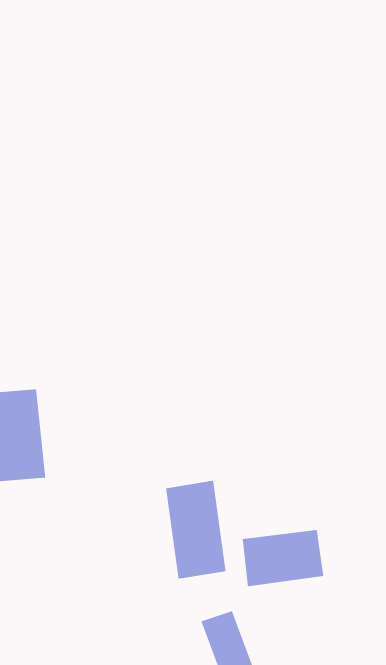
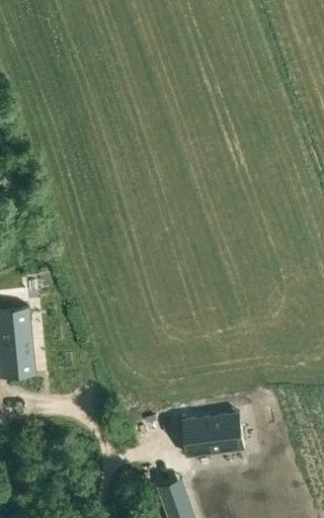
building: [166,480,226,580] -> none

